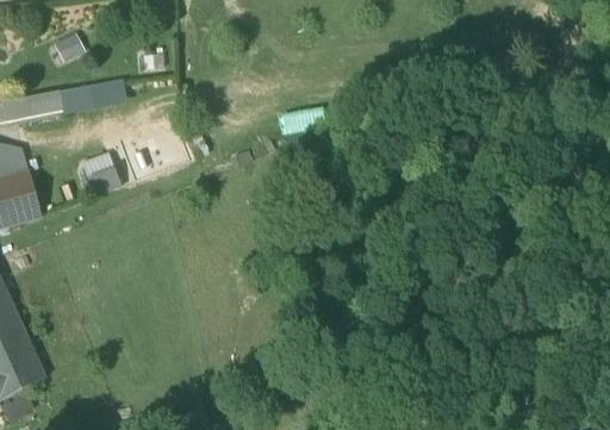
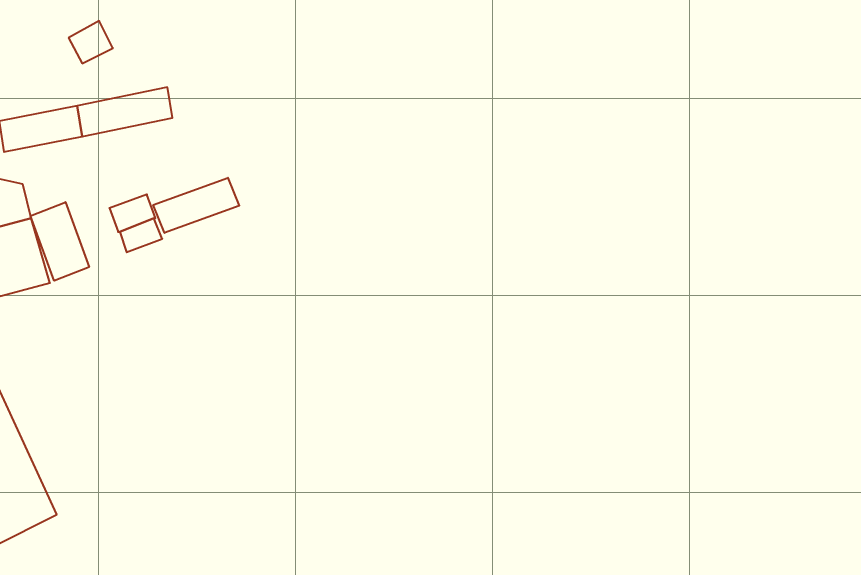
building: none -> [153,178,239,233]
building: none -> [31,202,89,281]

